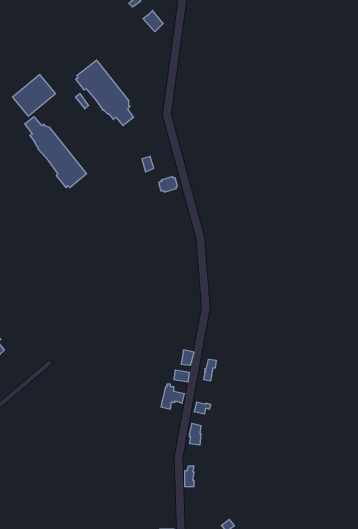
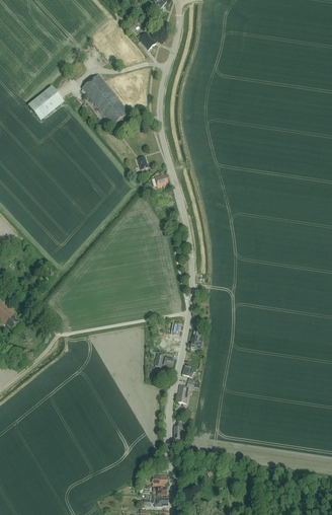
building: [25,117,86,188] -> none

